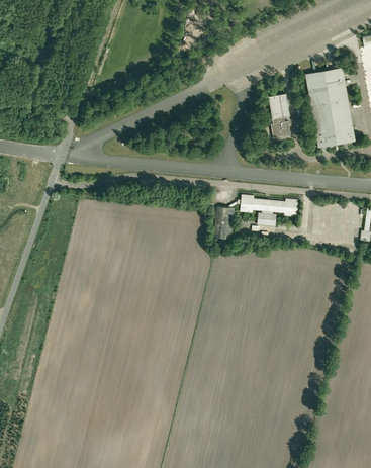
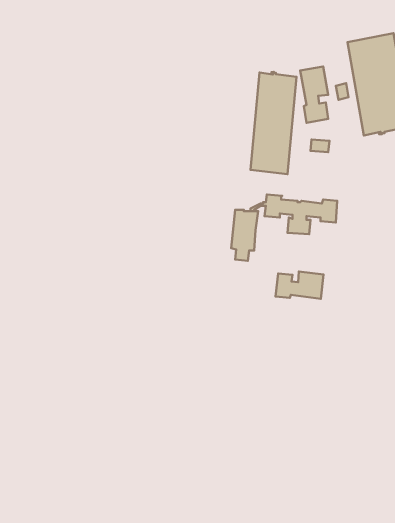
building: none -> [250,72,296,174]
building: none -> [275,271,323,299]

